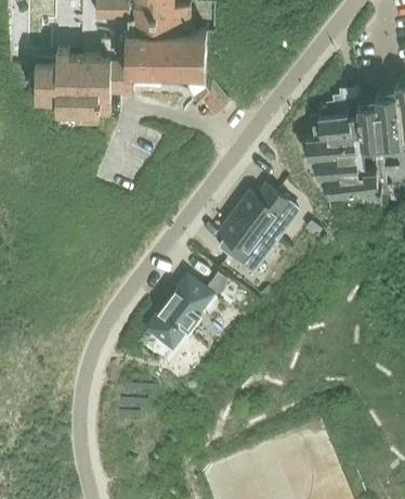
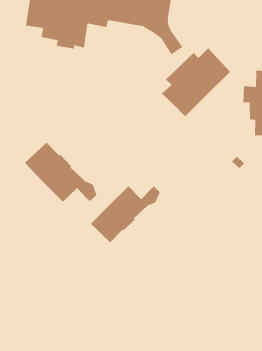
building: [218,184,297,271] -> [161,48,231,117]
building: none -> [24,142,97,203]

